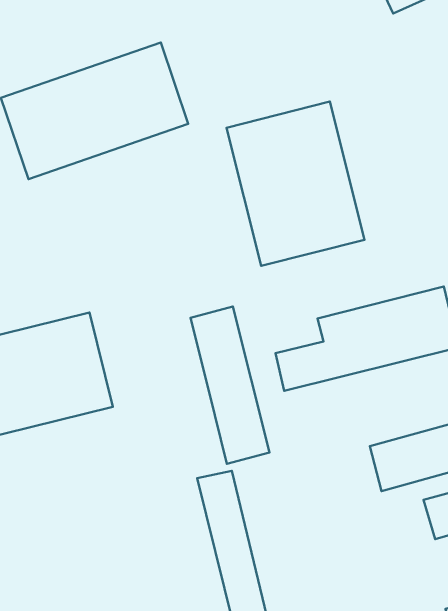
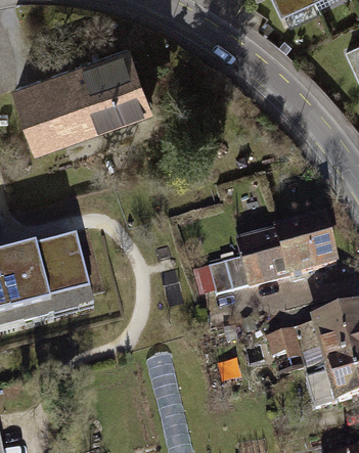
building: [227,102,364,266] -> none
building: [190,306,269,464] -> none

